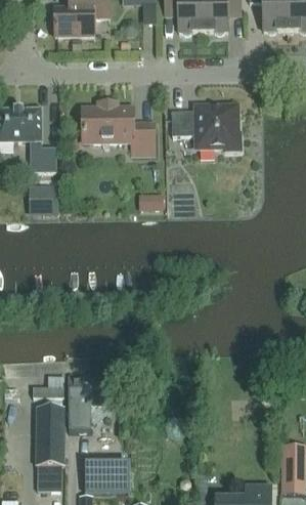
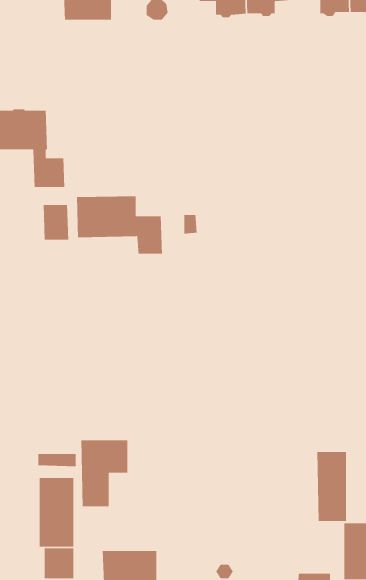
building: [170,106,239,150] -> none
building: [82,108,152,156] -> [76,195,163,254]
building: none -> [316,451,347,522]

